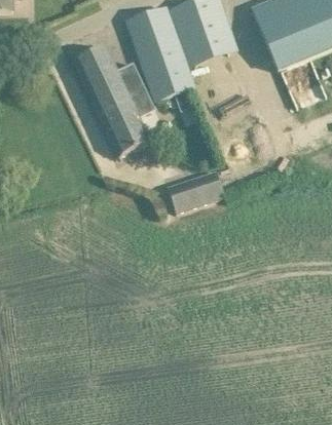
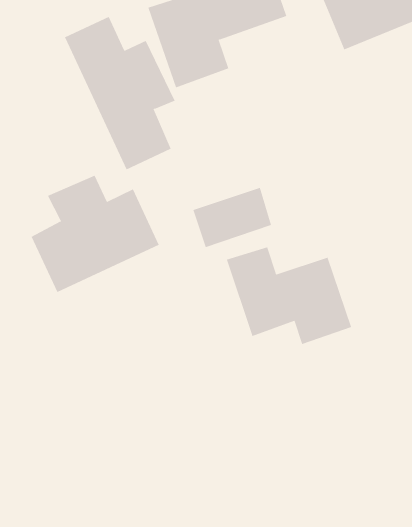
building: none -> [31,175,160,293]
building: none -> [226,246,352,345]

